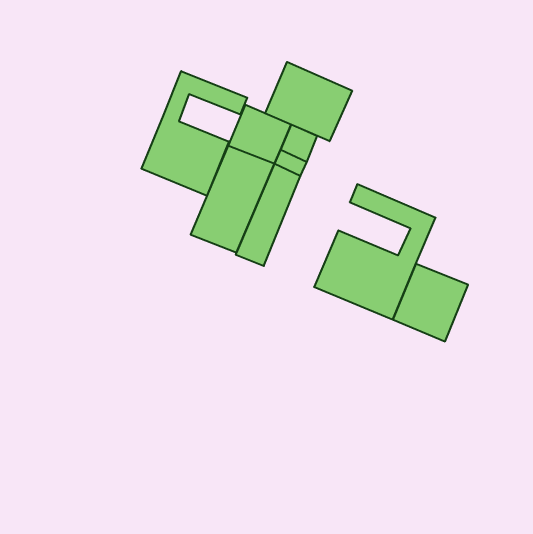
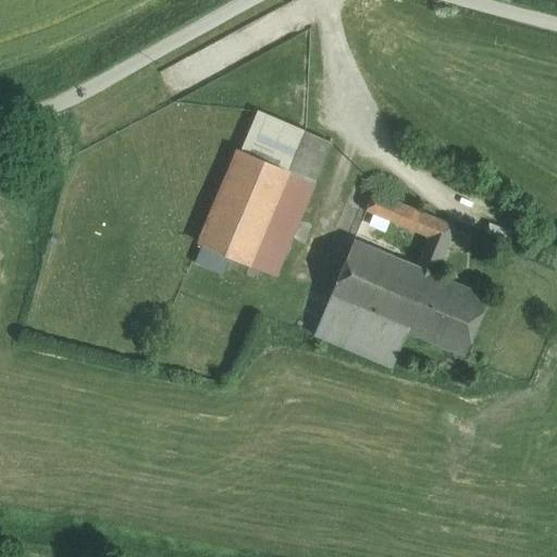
building: [265,62,352,141] -> none
building: [141,71,247,196] -> none
building: none -> [311,298,405,367]

